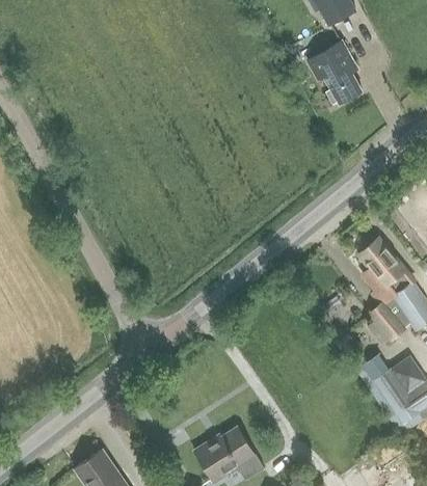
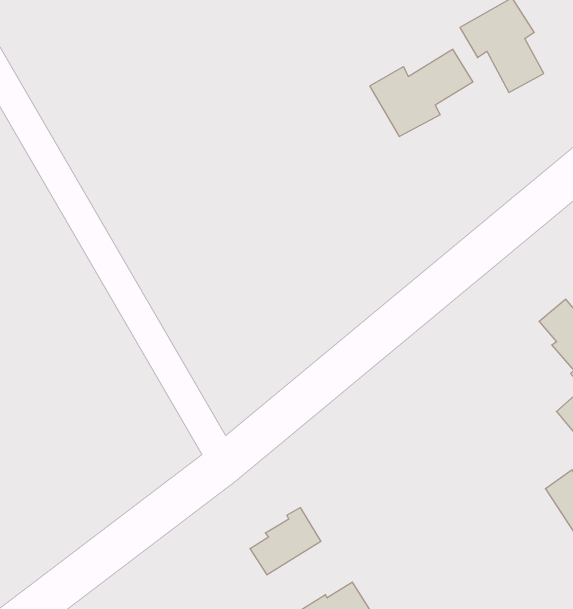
building: none -> [370,49,473,137]
building: none -> [250,508,321,575]

